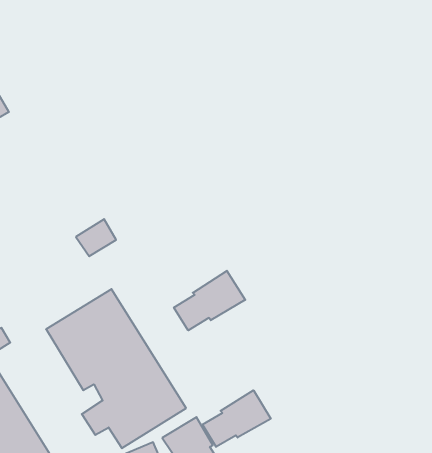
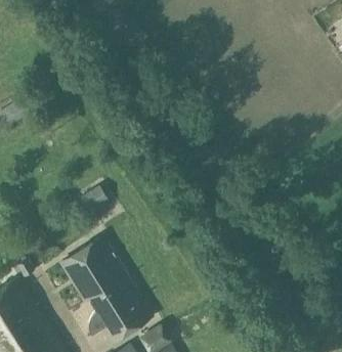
building: [174,271,245,330] -> none
building: [203,390,271,447] -> none

